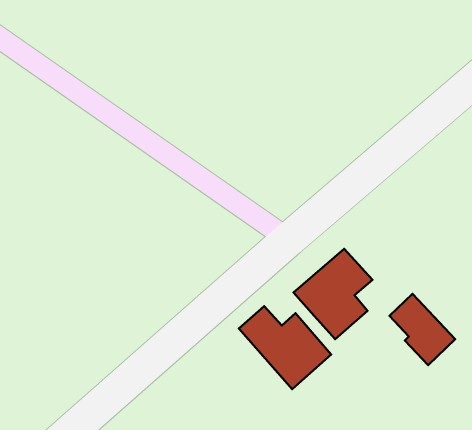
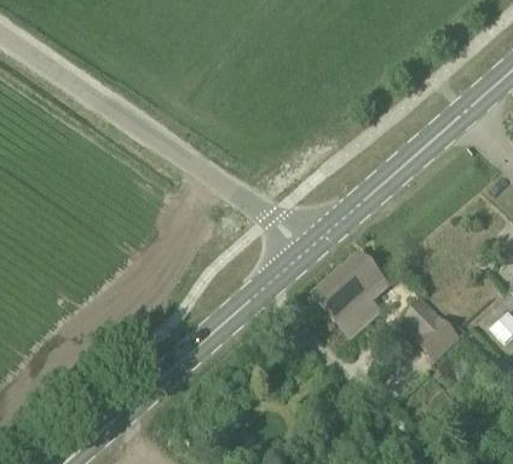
building: [239,306,331,389] -> none

